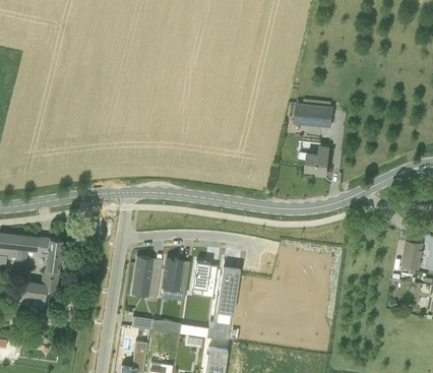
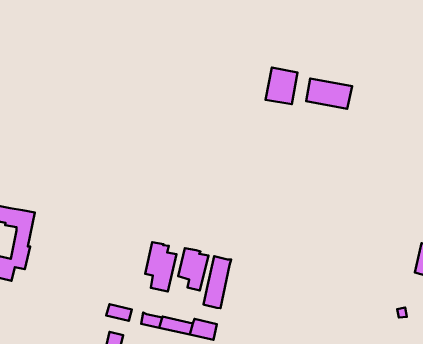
building: none -> [266,67,297,104]
building: [305,146,328,176] -> none
building: [132,257,160,302] -> none

